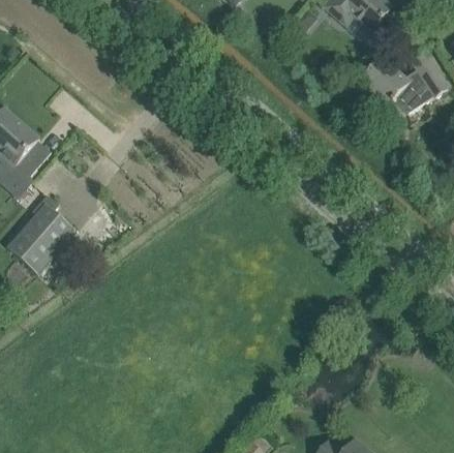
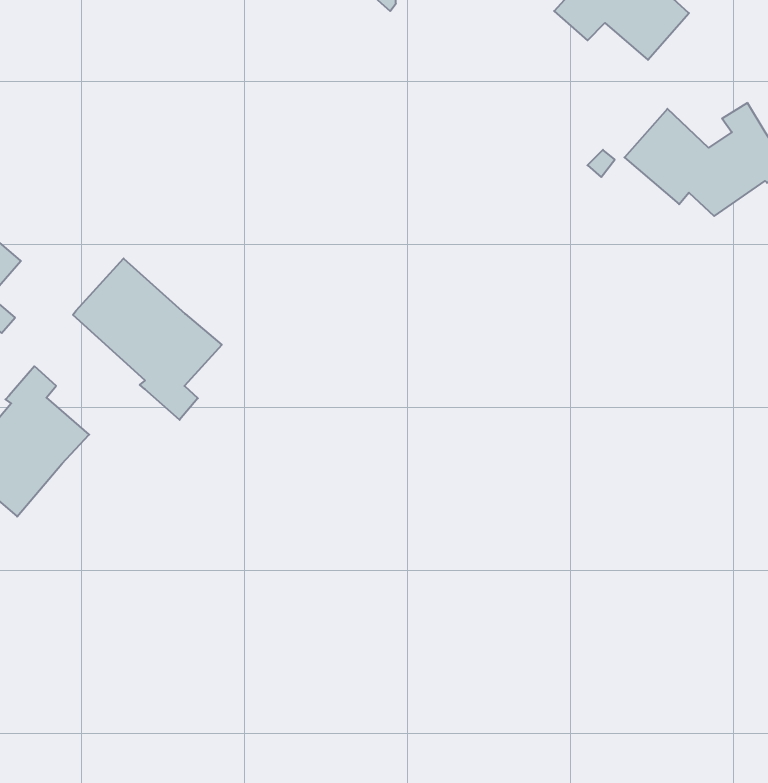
building: none -> [73,258,222,420]

